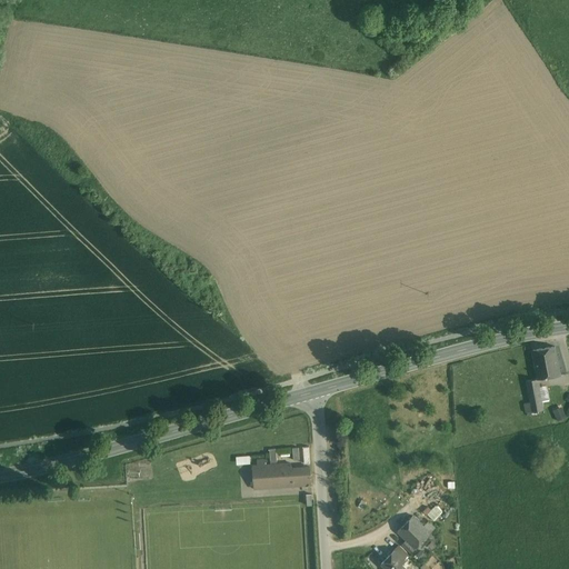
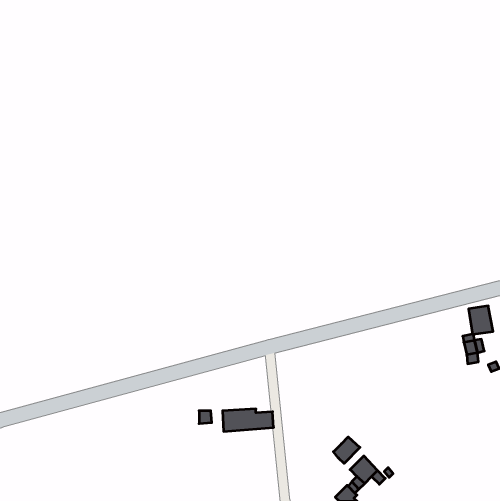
building: none -> [333,437,360,463]

